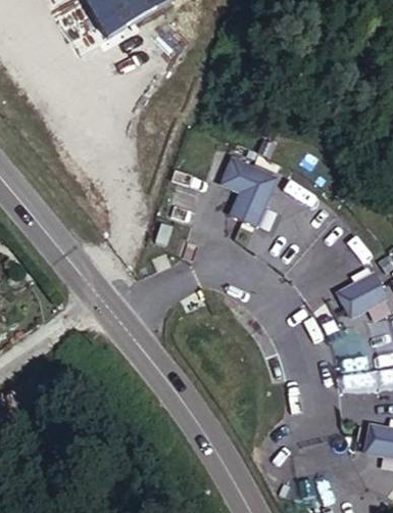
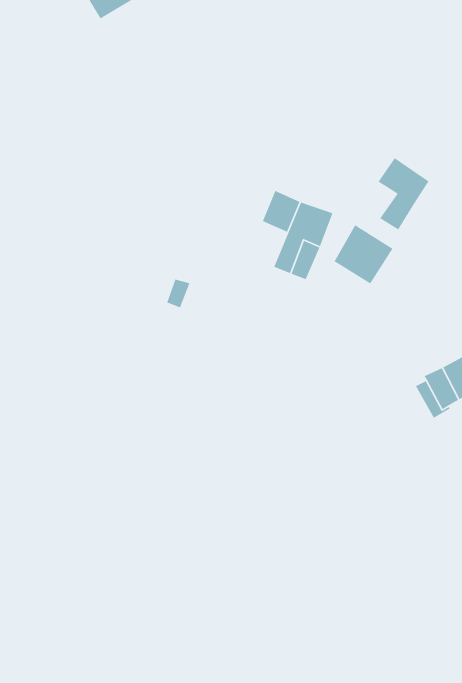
building: none -> [377,157,429,231]

